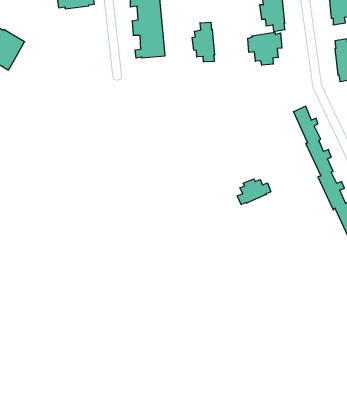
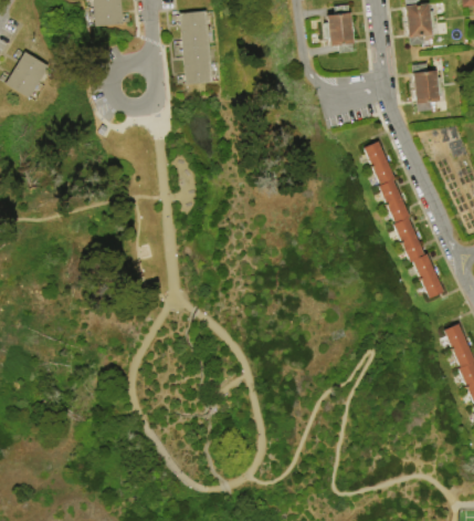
building: [192,22,215,62] -> none
building: [248,32,282,65] -> none
building: [237,179,271,205] -> none

